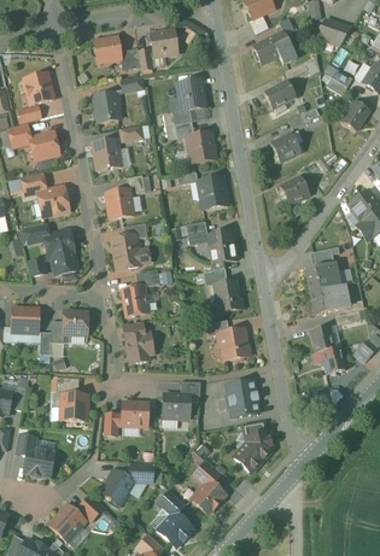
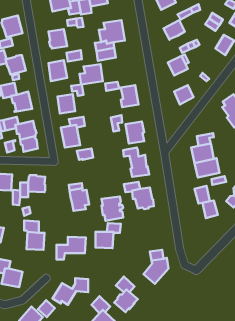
building: [179,131,214,162] -> [79,64,103,84]
building: [122,285,147,315] -> none
building: [226,380,258,416] -> [101,197,123,221]

